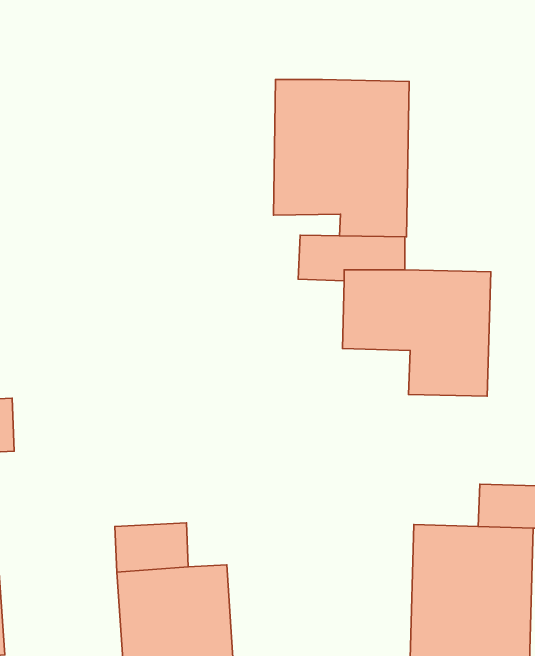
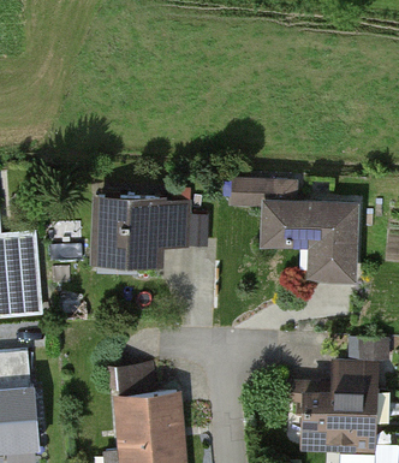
building: [274,79,409,237] -> none
building: none -> [87,192,213,269]

